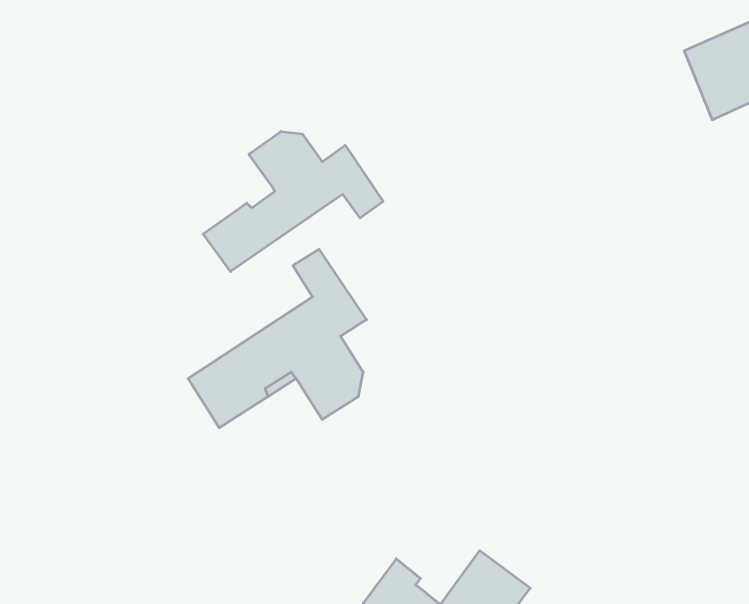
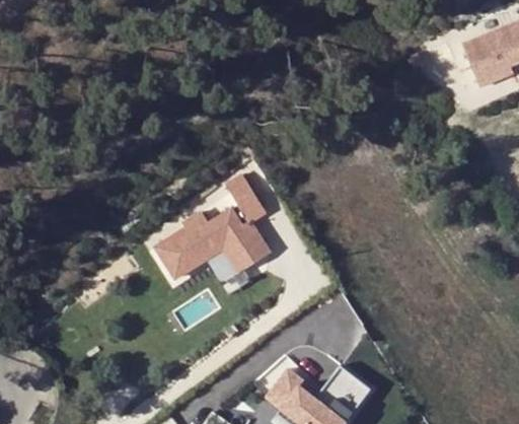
building: [203,131,383,272] -> none

